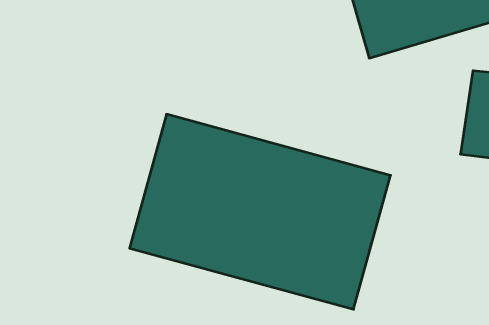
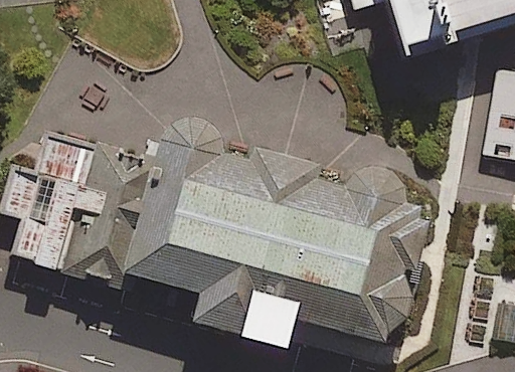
building: none -> [11,143,159,271]

